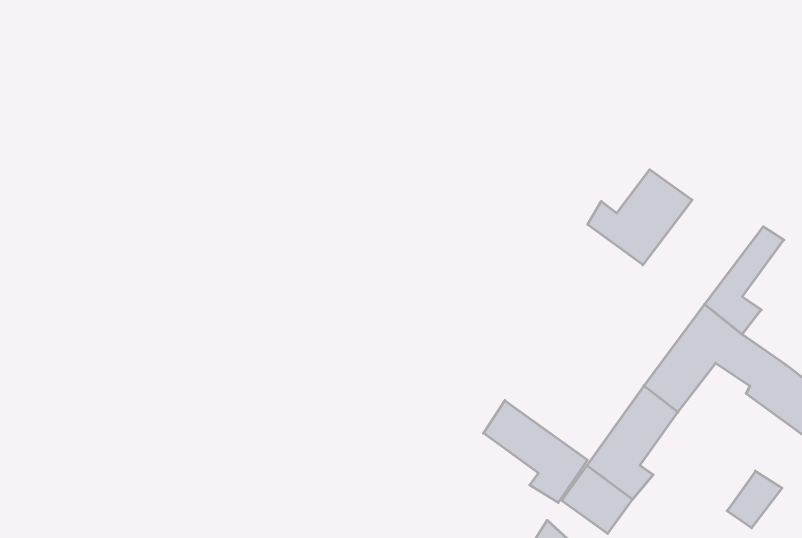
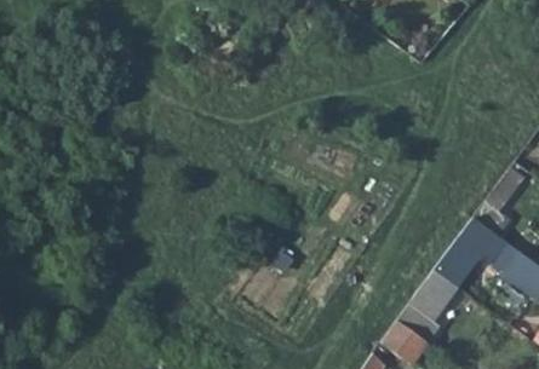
building: [588,170,692,265] -> none
building: [483,400,587,503] -> none

